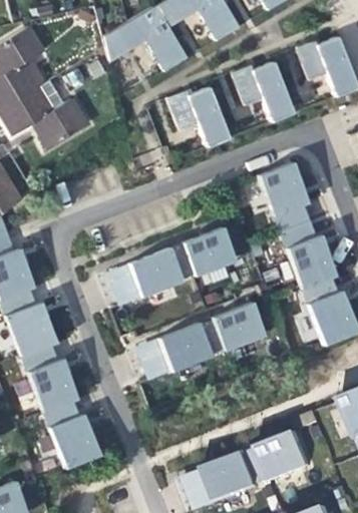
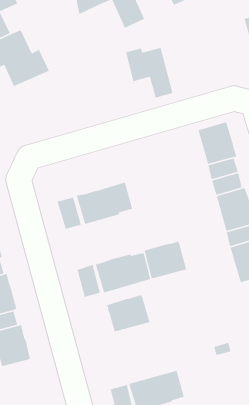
building: [233,62,293,121] -> none
building: [184,228,234,275] -> none
building: none -> [106,294,150,333]
building: [263,433,313,480] -> none

